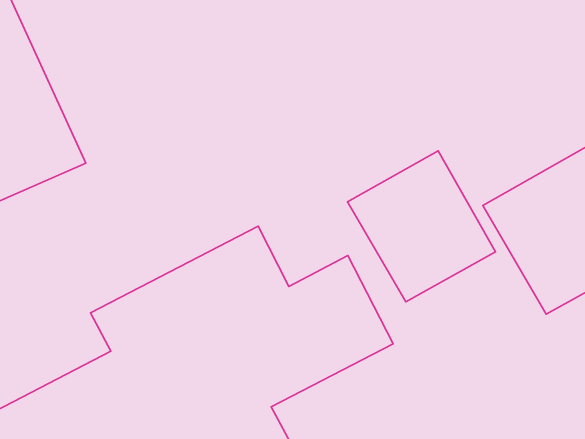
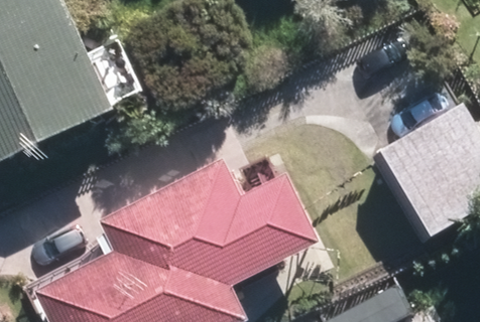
building: [348,151,496,302] -> none

